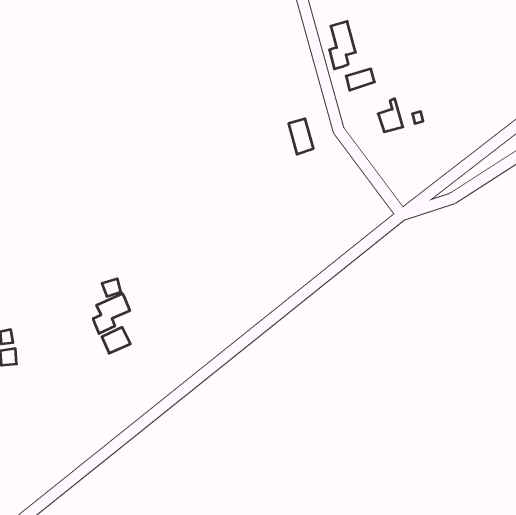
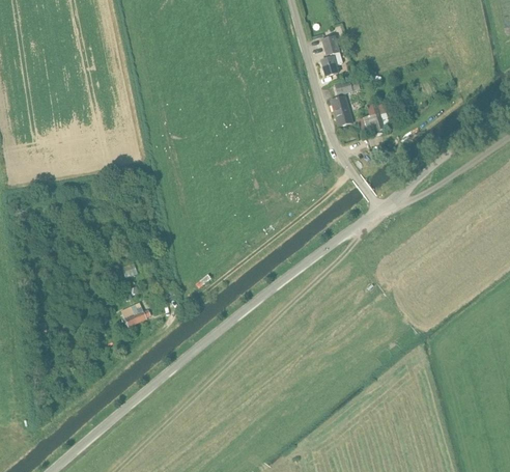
building: [289,119,313,154] -> [331,96,352,128]
building: [93,294,130,334] -> none

